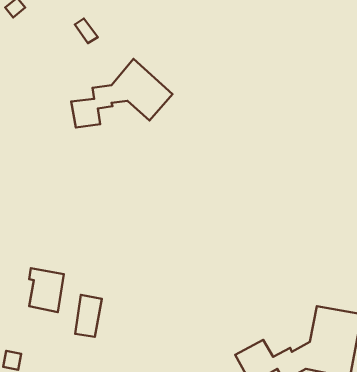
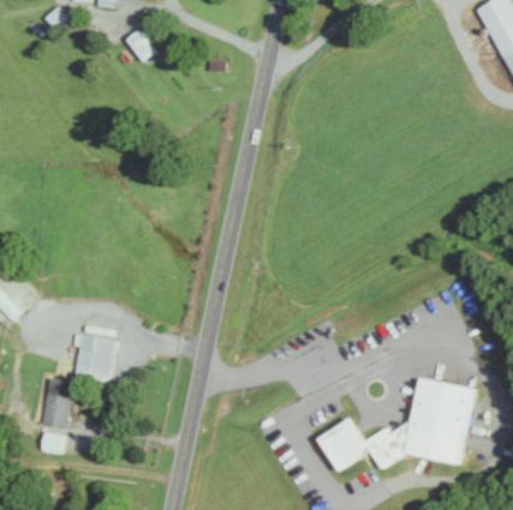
building: [71,59,172,128] -> none
building: [75,295,102,337] -> [42,377,74,427]

